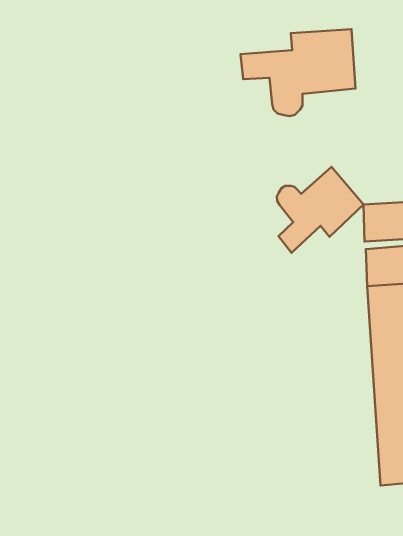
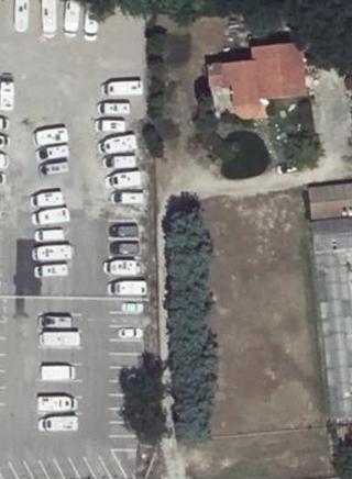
building: [277,167,363,253] -> none

